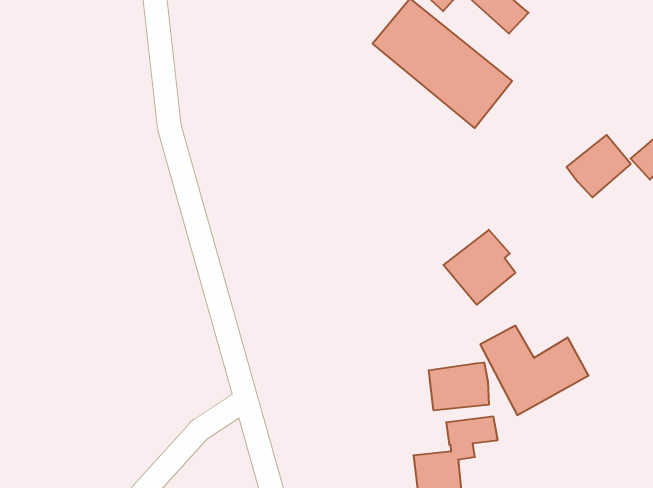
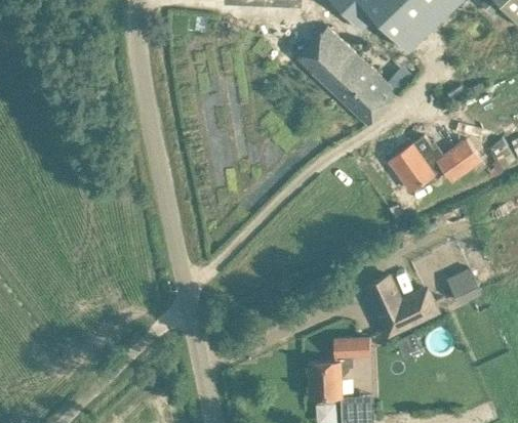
building: [443,230,515,305] -> [390,135,442,189]
building: none -> [446,265,481,303]
building: [429,362,489,410] -> none

